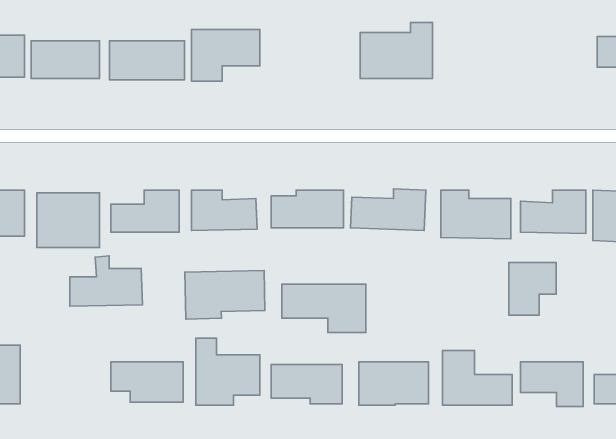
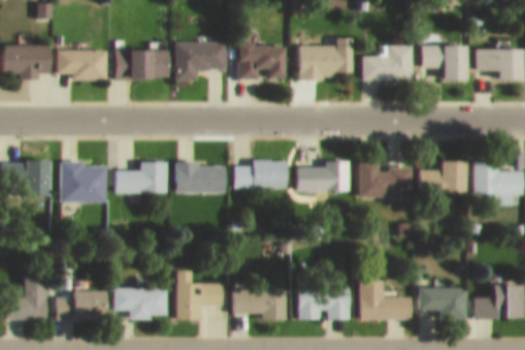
building: none -> [237,43,287,78]
building: none -> [361,44,413,81]
building: none -> [421,44,469,78]
building: [70,256,142,306] -> [56,281,109,318]
building: [509,262,556,315] -> none
building: [185,270,265,319] -> none
building: [282,284,366,332] -> none

